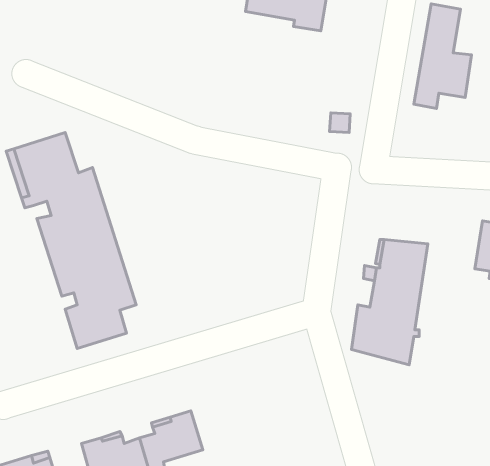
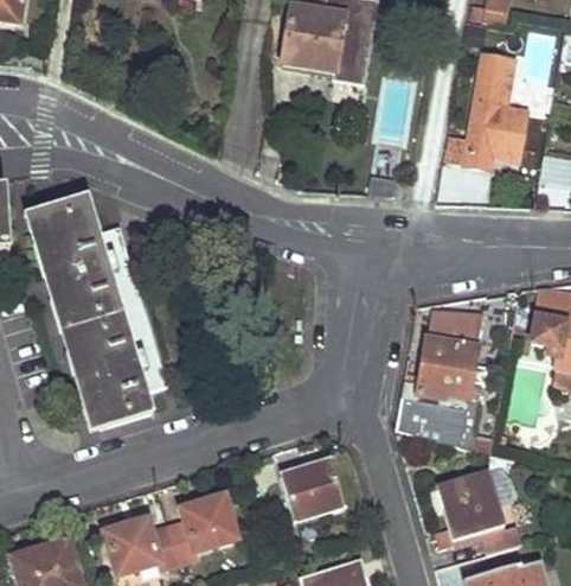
building: none -> [43,268,100,431]
building: none -> [281,459,344,520]
building: none -> [438,472,506,539]

